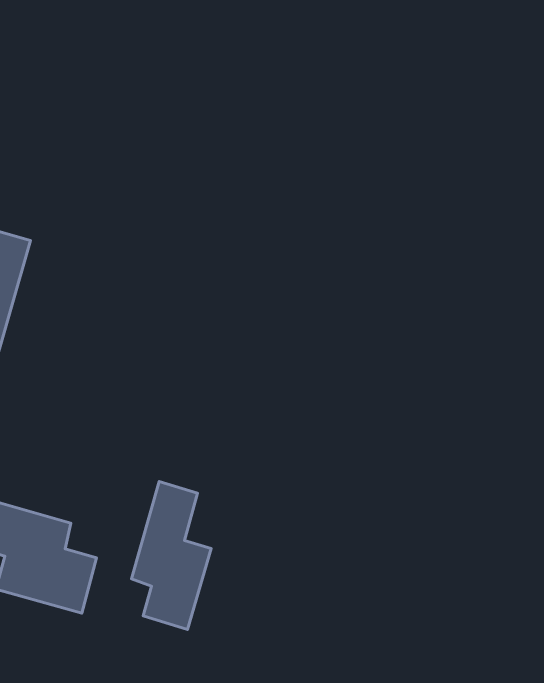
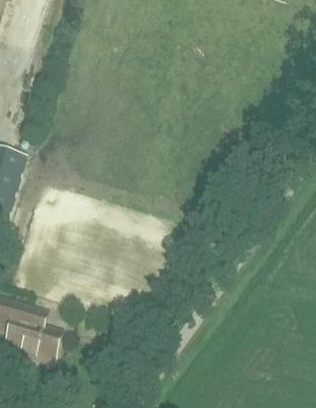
building: [131,482,211,630] -> none

